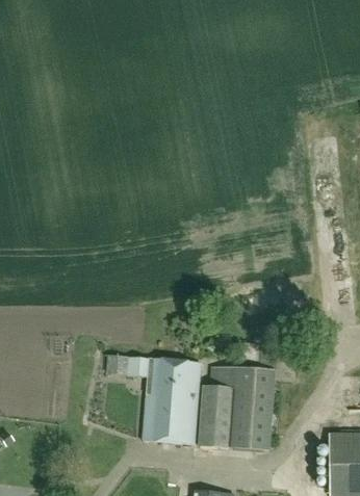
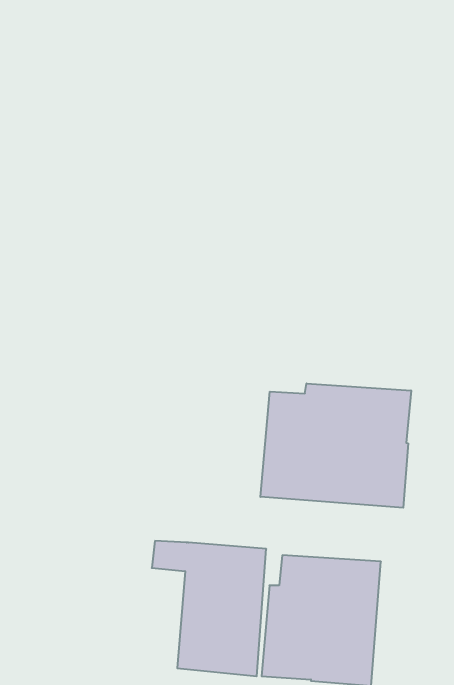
building: none -> [260,383,411,508]

